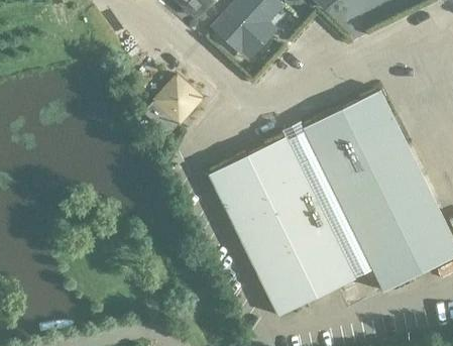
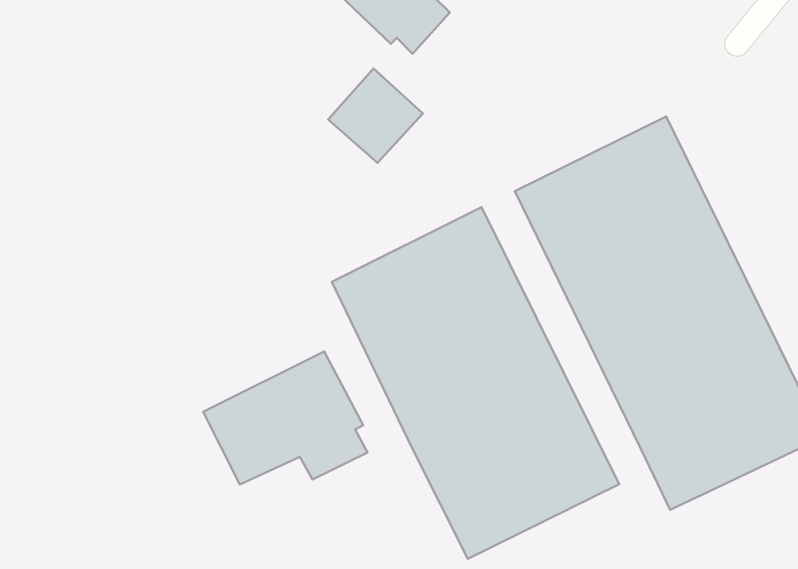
building: [153,76,202,124] -> [328,68,423,163]
building: none -> [203,352,368,485]

